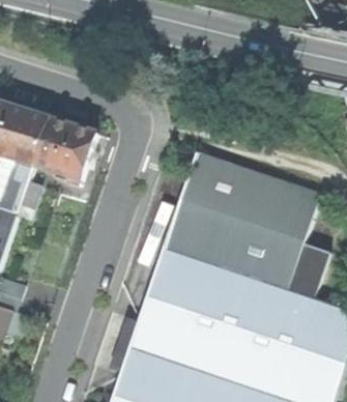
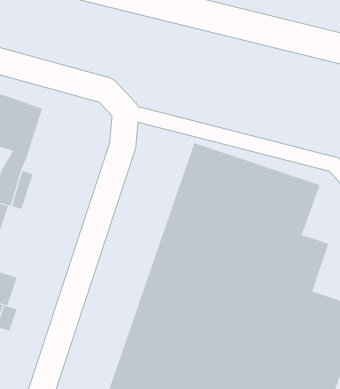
building: [34,120,95,184] -> none

